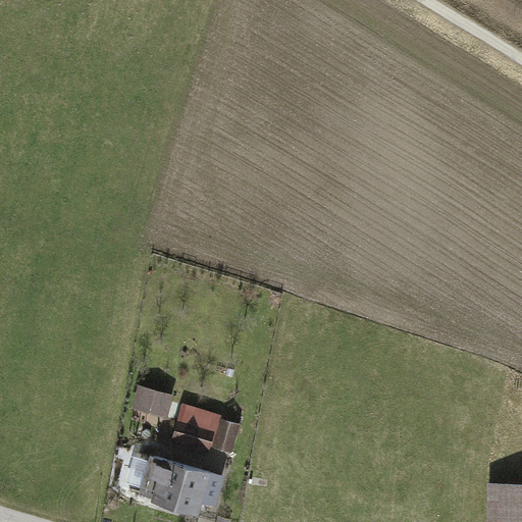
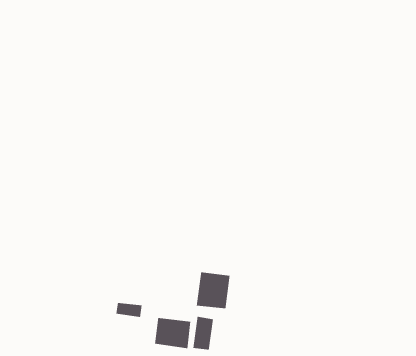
building: none -> [196,271,230,309]

